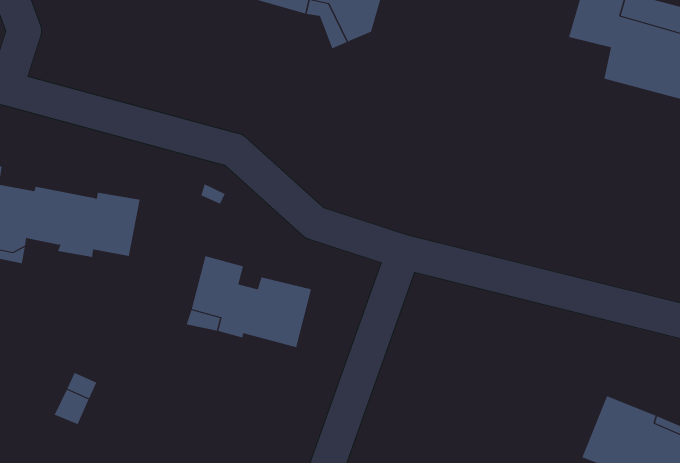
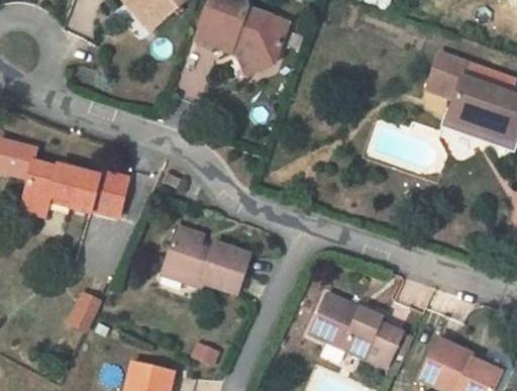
building: none -> [313,292,404,365]

